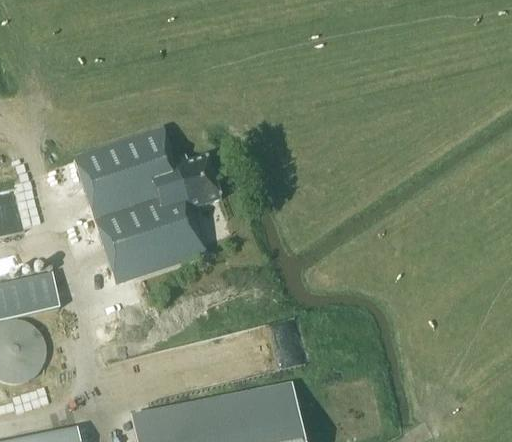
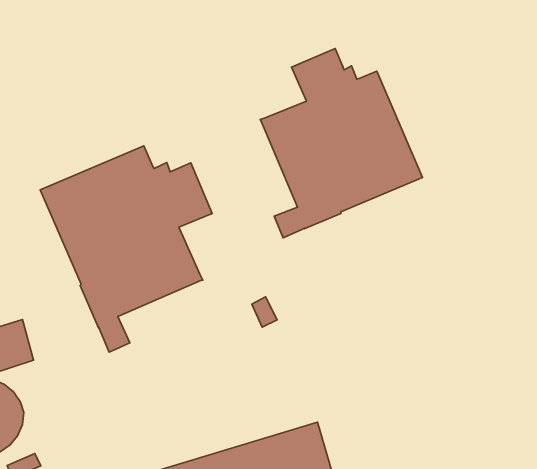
building: none -> [260,48,422,238]

